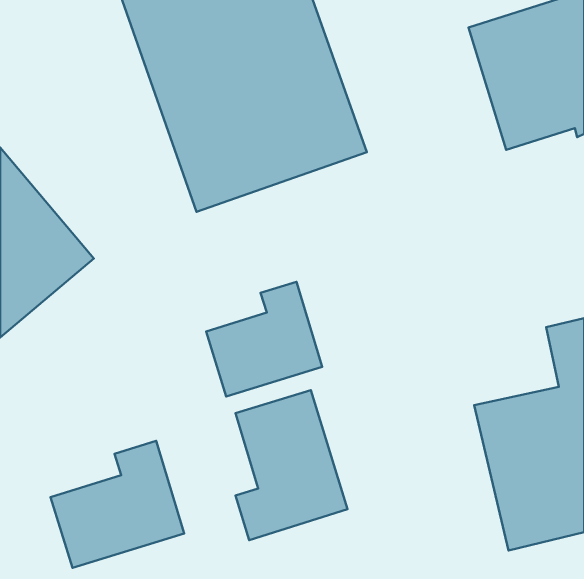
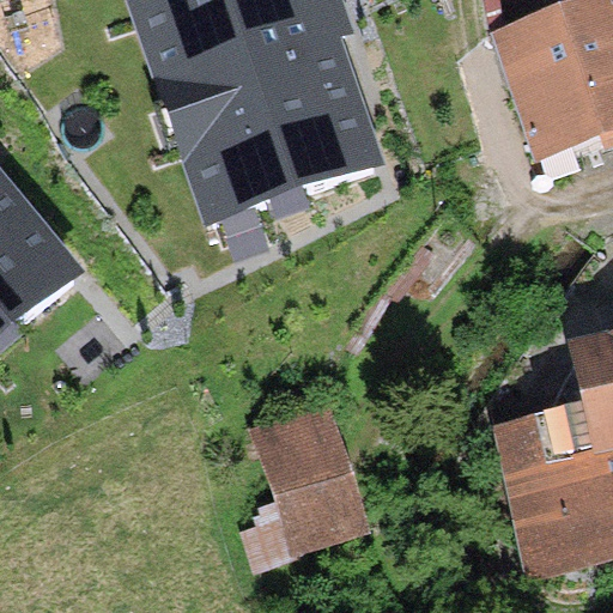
building: [206,282,322,396] -> none
building: [50,441,184,568] -> none

